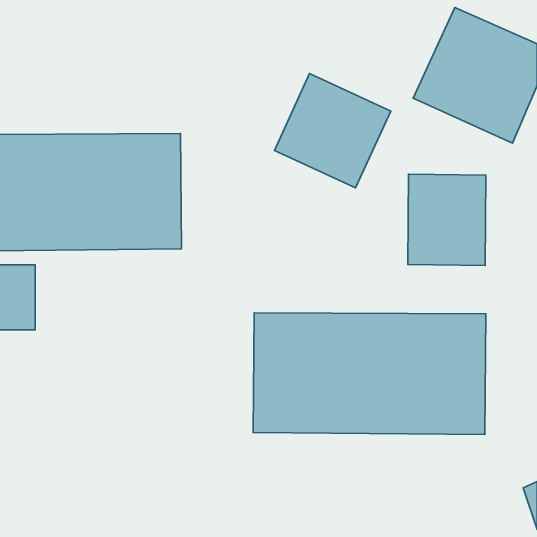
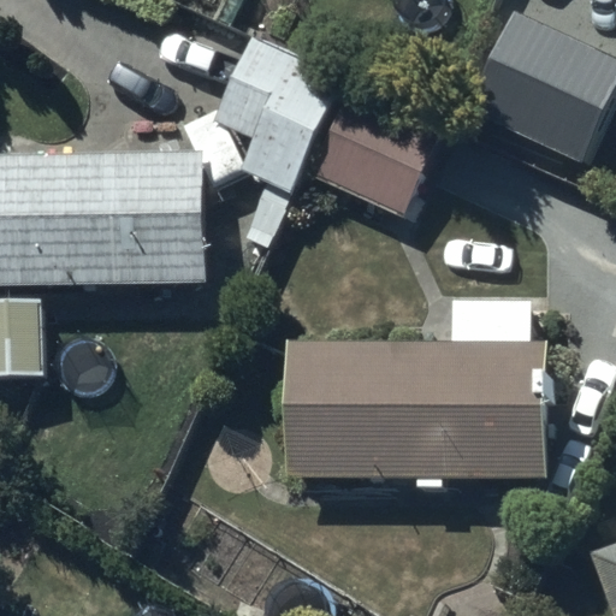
building: none -> [213,31,343,208]
building: [408,174,486,265] -> none

